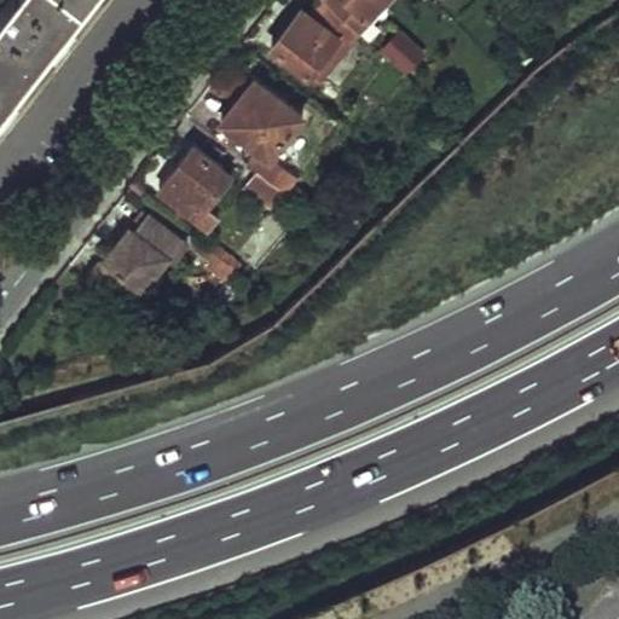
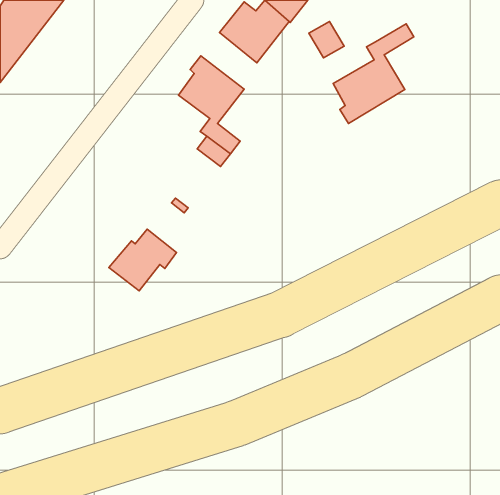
building: none -> [333,24,414,123]
building: [158,149,228,226] -> none
building: [102,215,185,291] -> [109,229,176,291]

